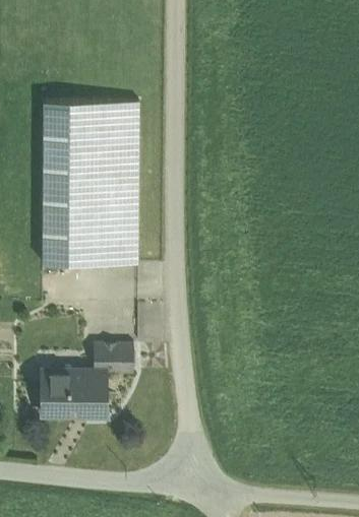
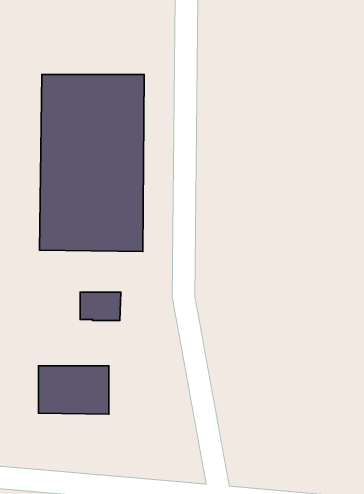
building: [95,346,132,373] -> [80,292,121,321]

